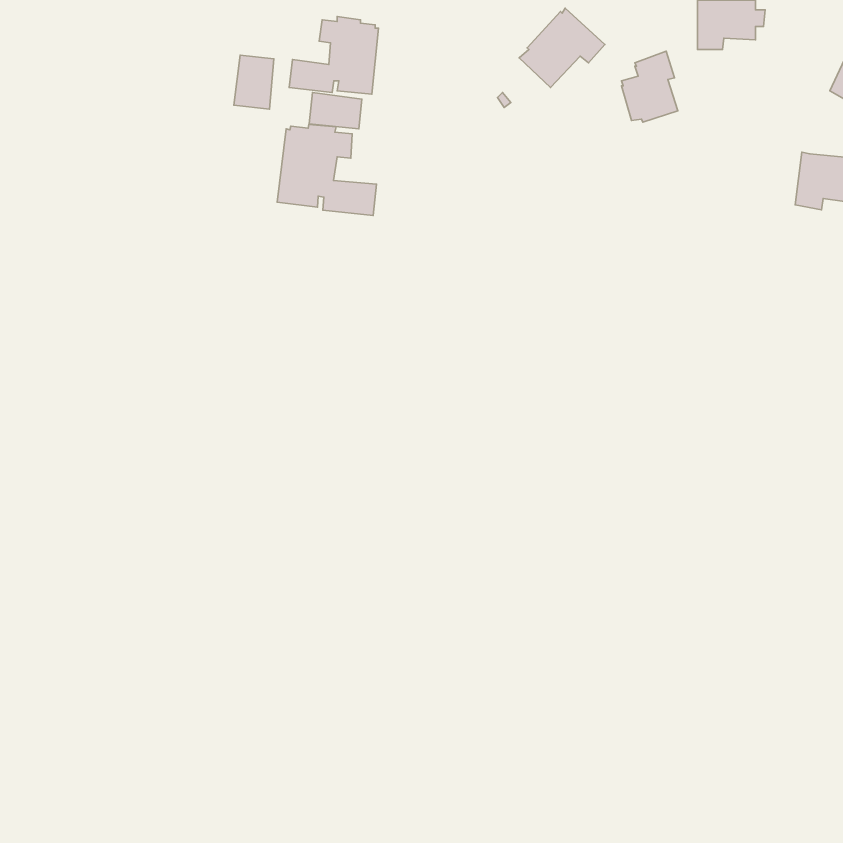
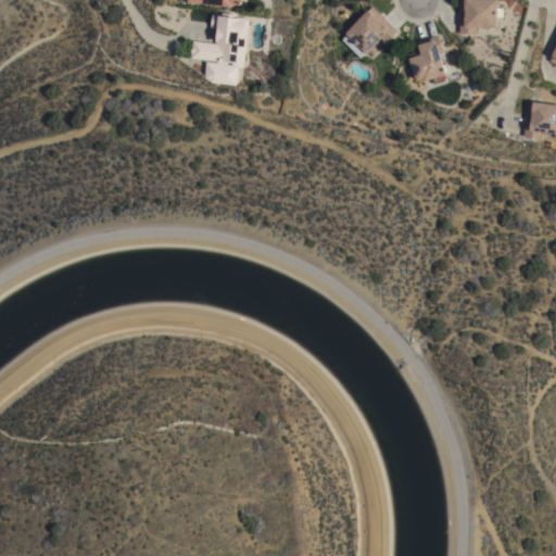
building: [234,55,274,109] -> none
building: [277,125,376,216] -> none

